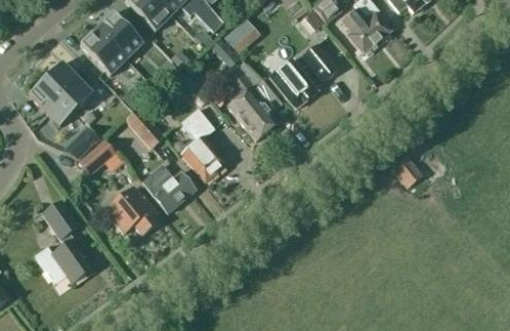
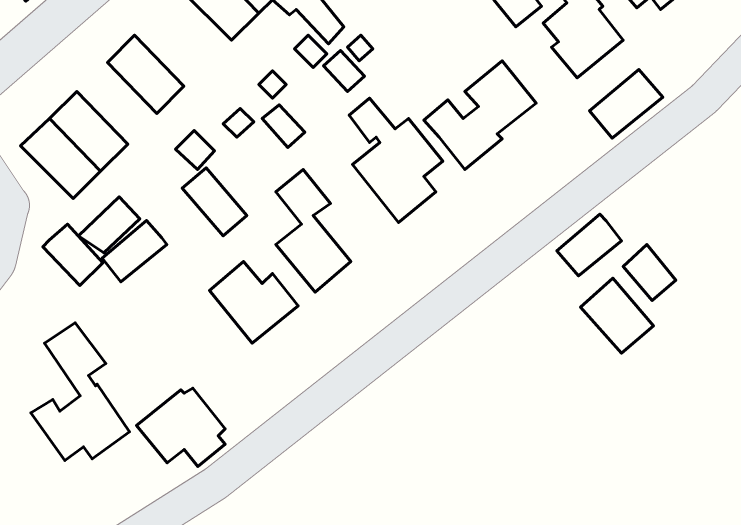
building: [96,11,142,58] -> none
building: none -> [590,69,663,138]
building: none -> [557,214,622,276]
building: none -> [43,224,103,285]
building: none -> [581,278,653,353]
building: [104,188,158,235] -> [137,388,225,466]

